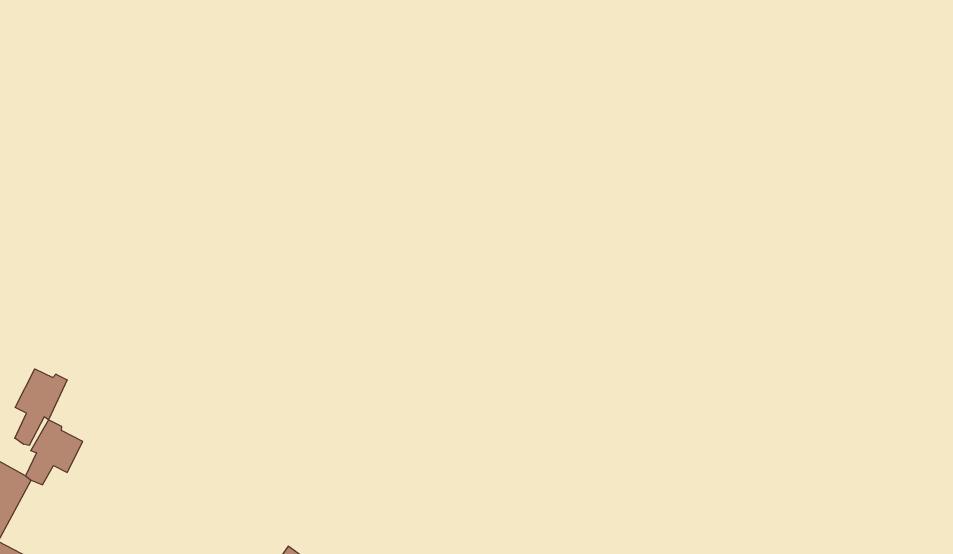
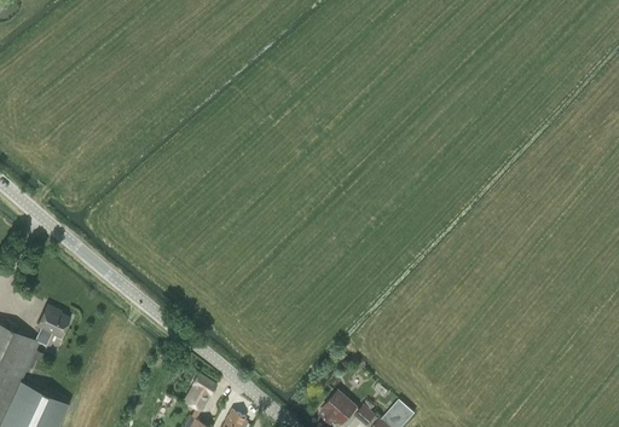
building: [15,369,67,445] -> none

